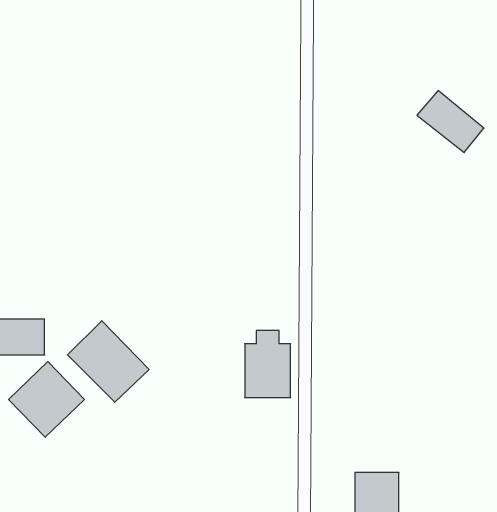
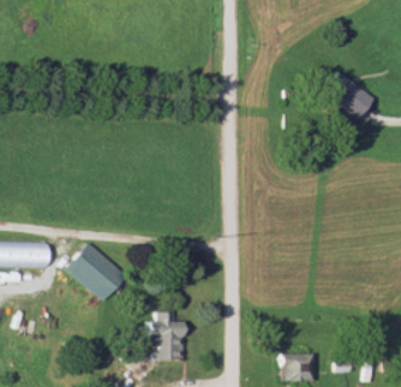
building: [245,331,291,398] -> [148,311,181,361]
building: [9,362,84,437] -> none

